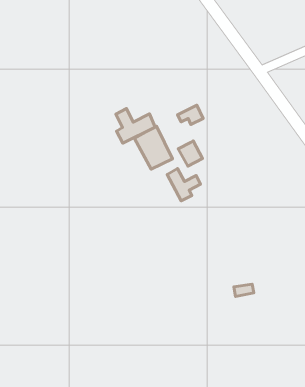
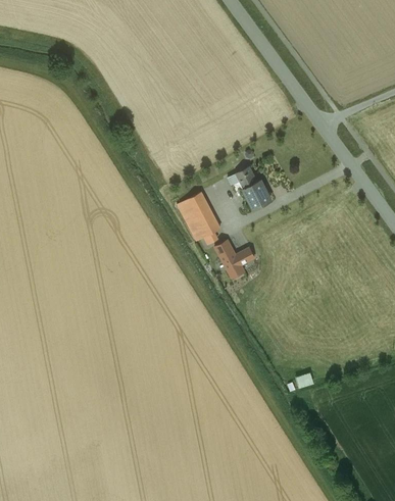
building: [116,108,155,143] -> none
building: [178,141,203,166] -> [243,180,271,209]

